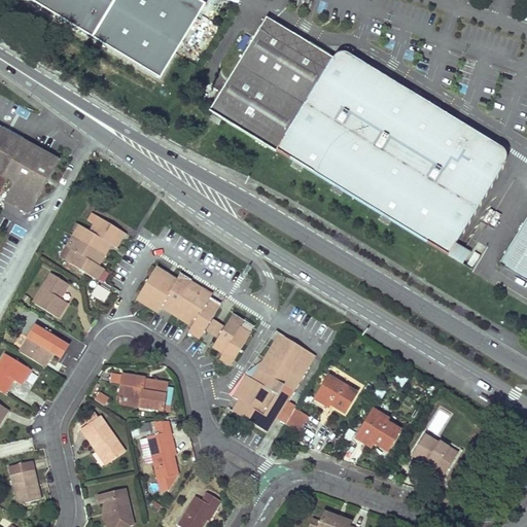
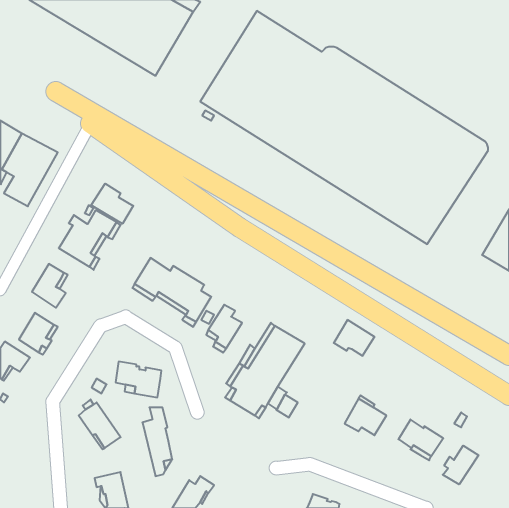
building: none -> [91,184,133,224]
building: [314,375,356,412] -> [334,320,375,356]
building: [8,460,41,504] -> none
building: none -> [443,446,478,484]

